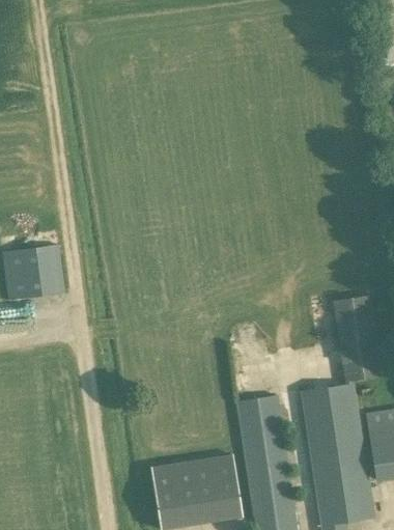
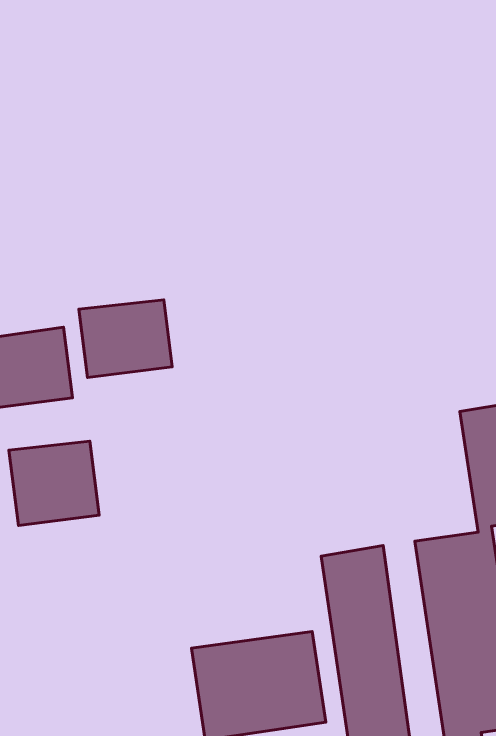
building: none -> [79,300,172,378]
building: none -> [9,441,99,526]

